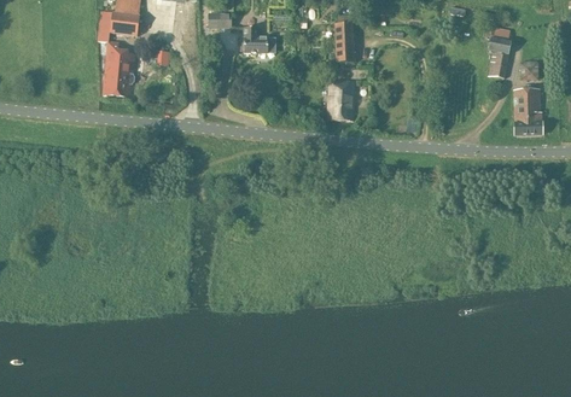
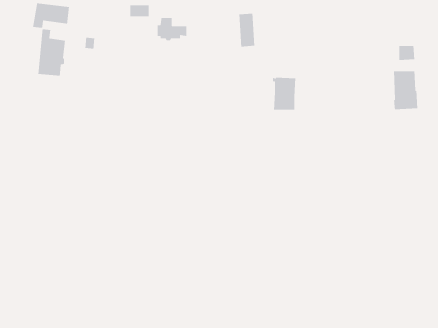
building: [488,25,511,77] -> none
building: [326,80,354,118] -> [272,77,296,110]

